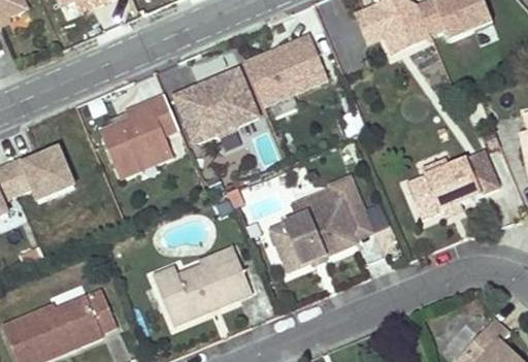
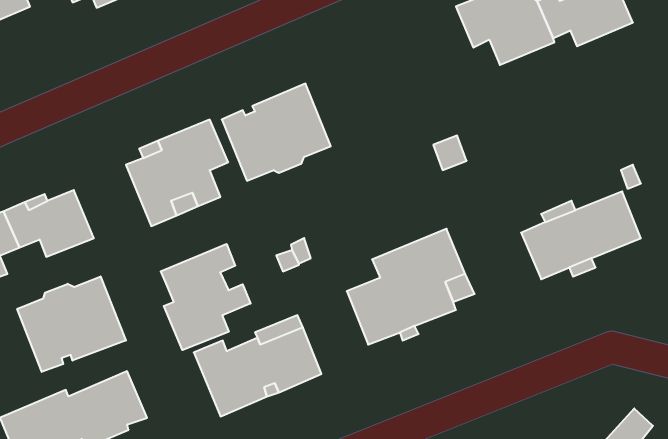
building: [245,35,329,105] -> none
building: none -> [161,244,251,350]
building: none -> [17,276,126,372]

